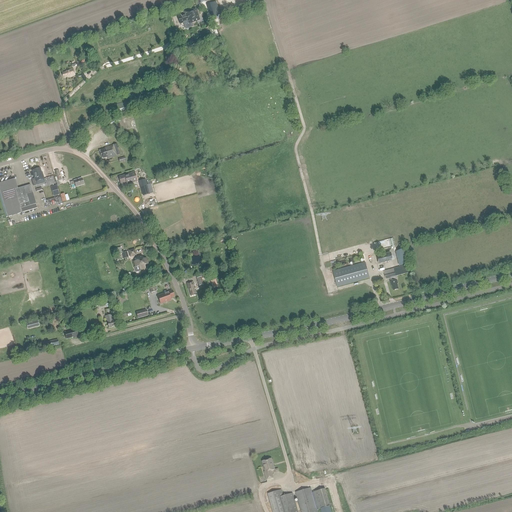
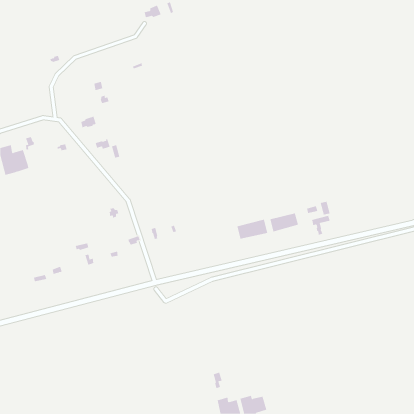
building: none -> [237,219,268,240]

